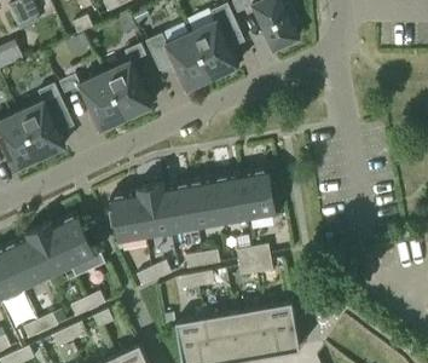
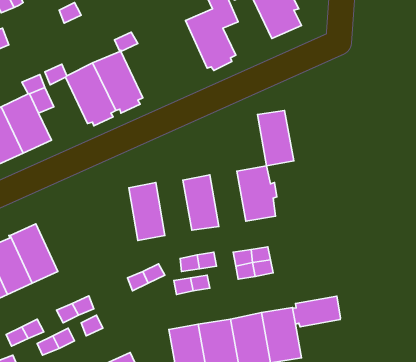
building: [144,34,210,91] -> none
building: [213,175,247,227] -> [258,111,294,166]
building: [162,184,196,236] -> none
building: [109,191,145,246] -> none
building: [50,215,96,270] -> none
building: none -> [292,296,340,327]

